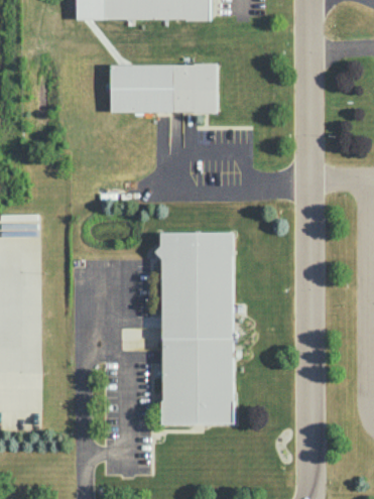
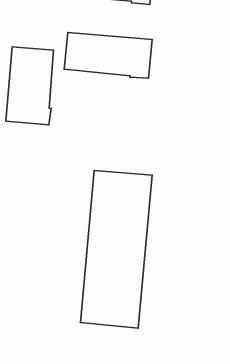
building: none -> [6,47,54,125]

